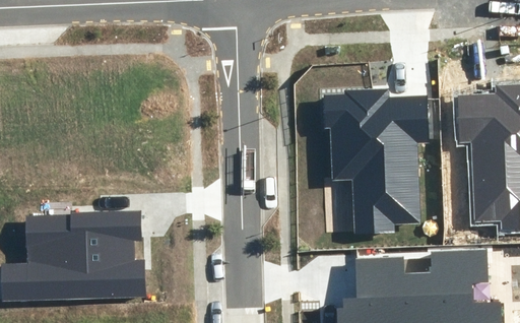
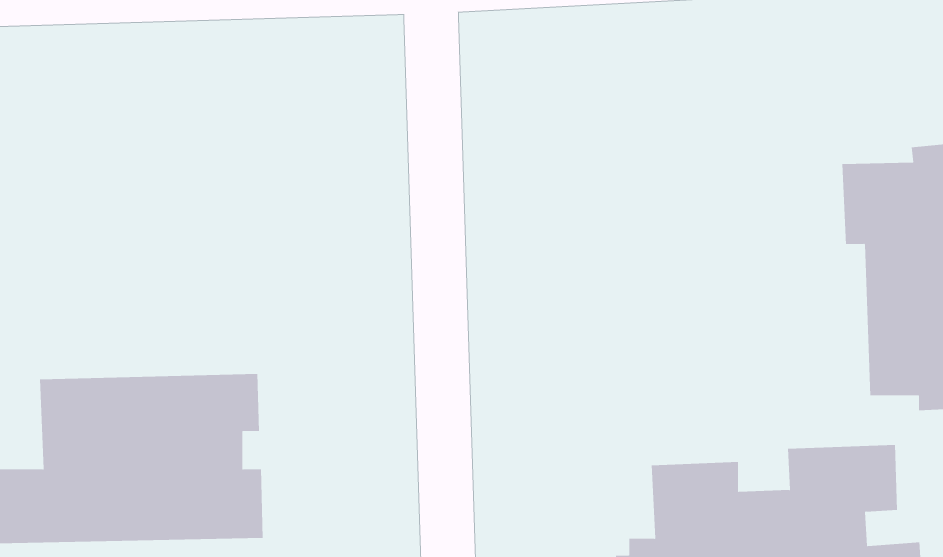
building: [323,89,428,232] -> none

